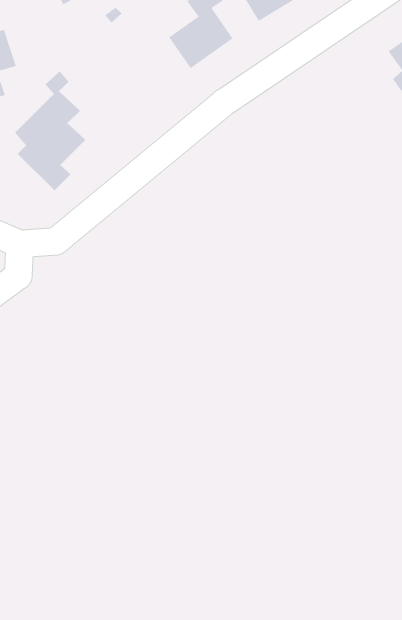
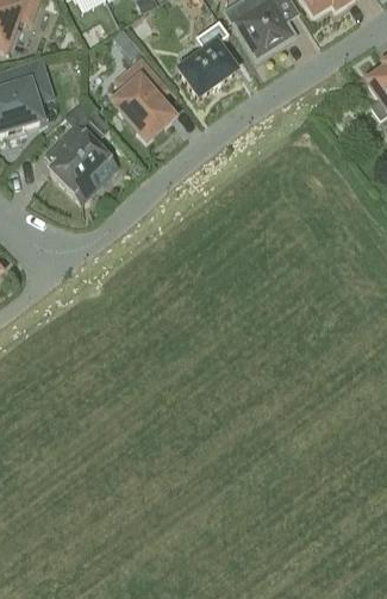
building: none -> [114,60,173,141]

